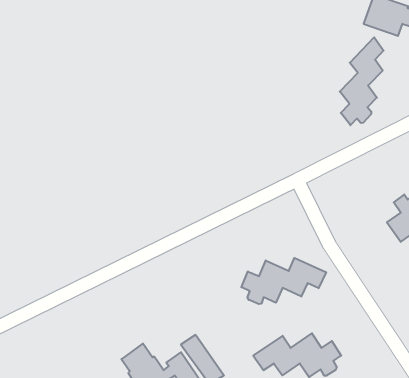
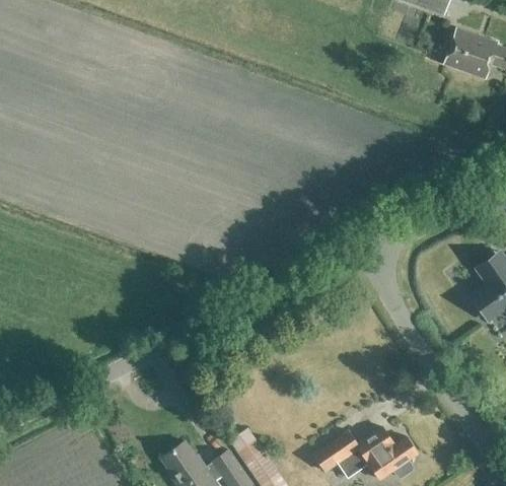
building: [340,37,384,125] -> none
building: [241,258,326,304] -> none

